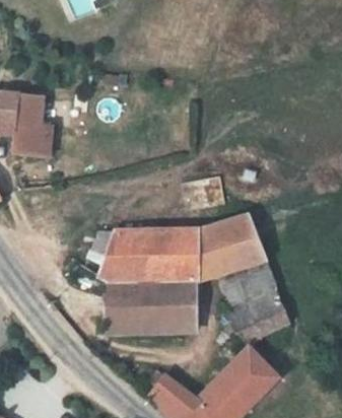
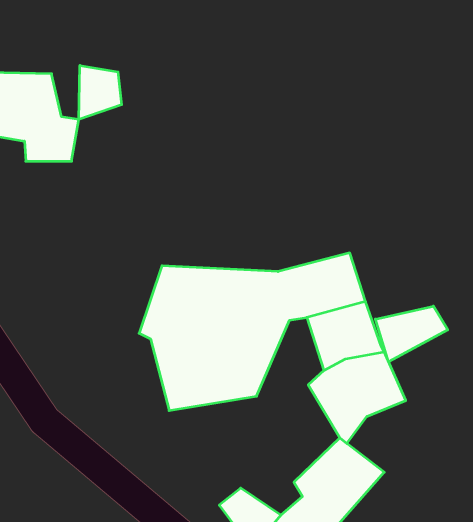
building: none -> [79,65,122,120]
building: none -> [375,306,448,362]

